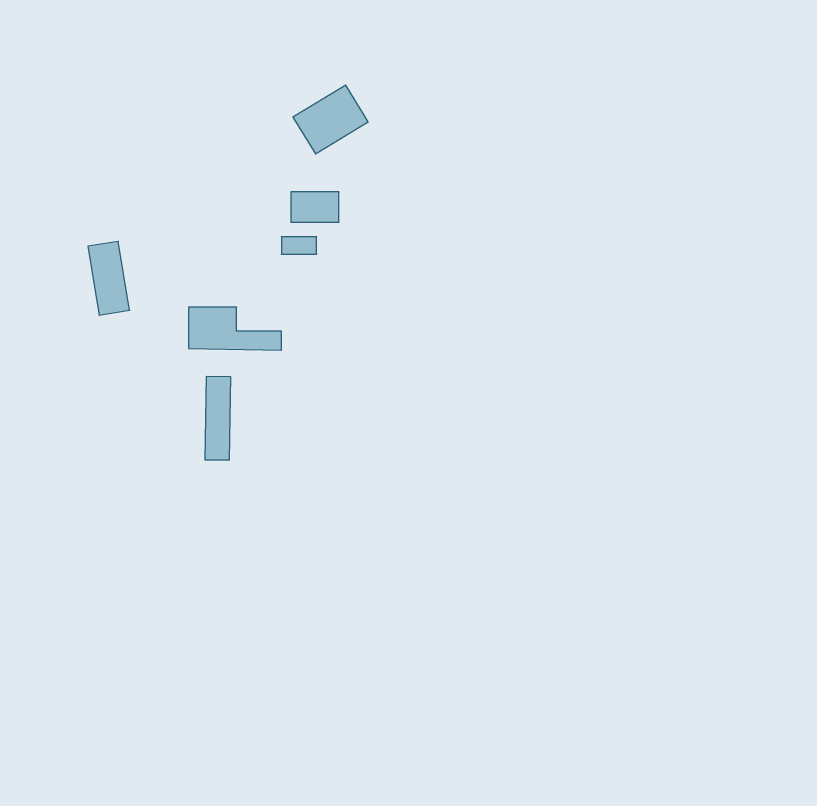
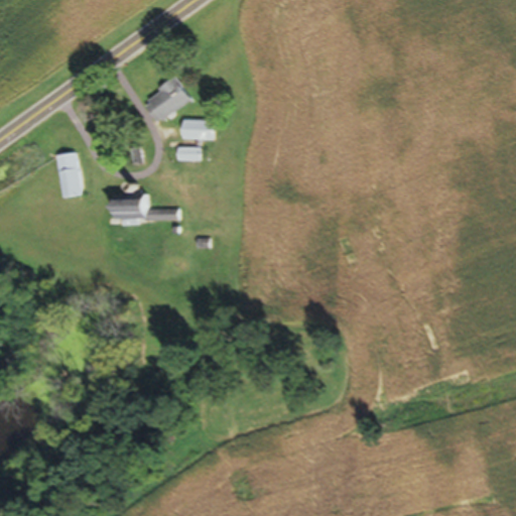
building: [293,85,368,154] -> [144,79,191,122]
building: [205,376,230,460] -> none

